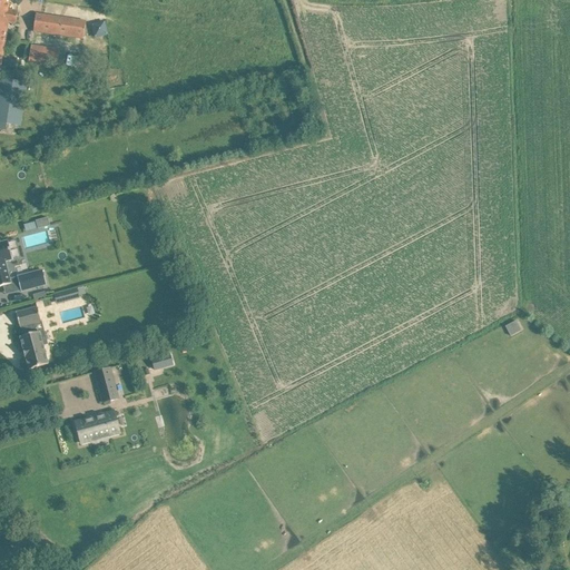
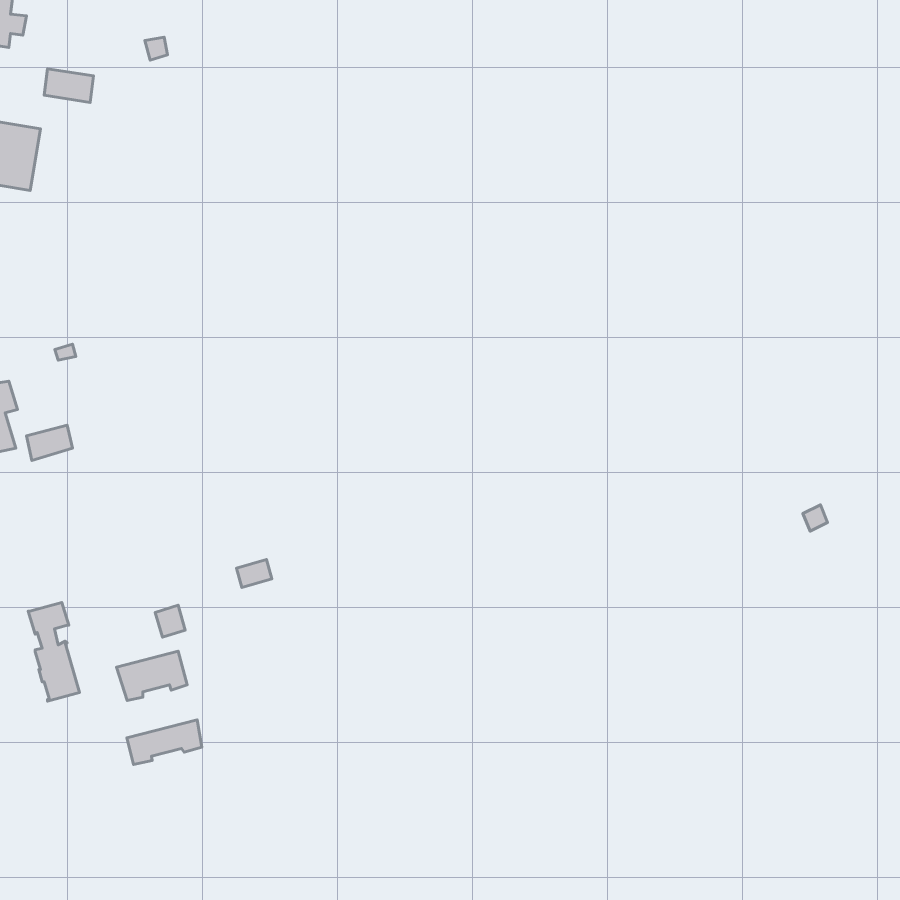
building: [35,12,87,37] -> none
building: [14,306,47,368] -> [28,602,79,701]
building: none -> [127,720,202,764]

